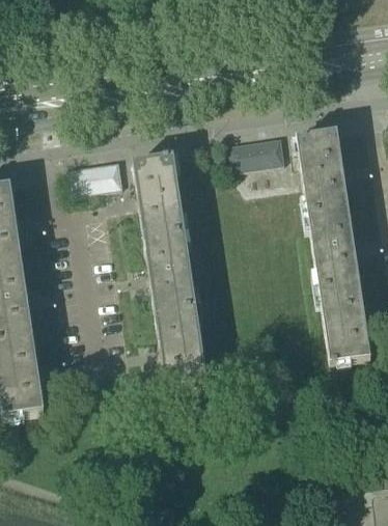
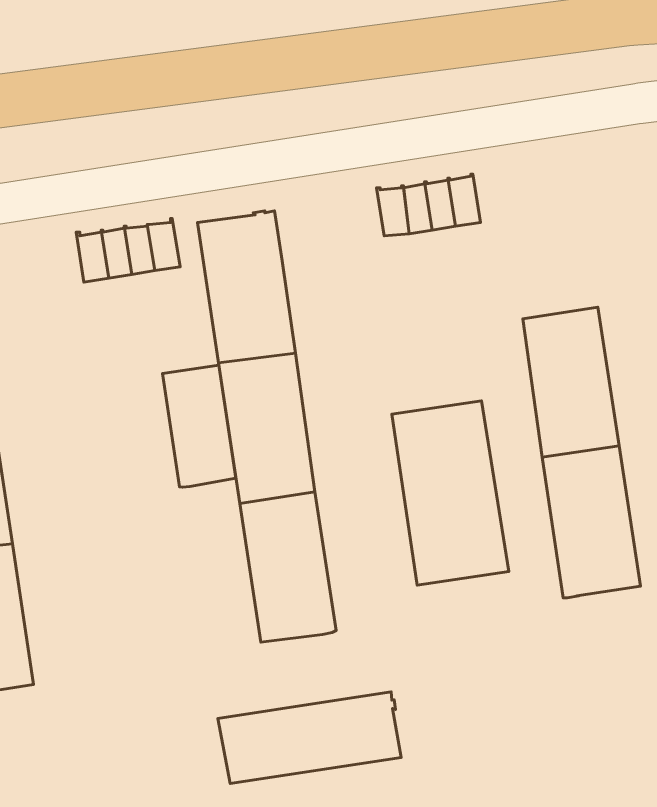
building: [297,133,349,215] -> none
building: none -> [162,365,236,487]
building: none -> [392,401,509,585]
building: none -> [218,692,401,784]

